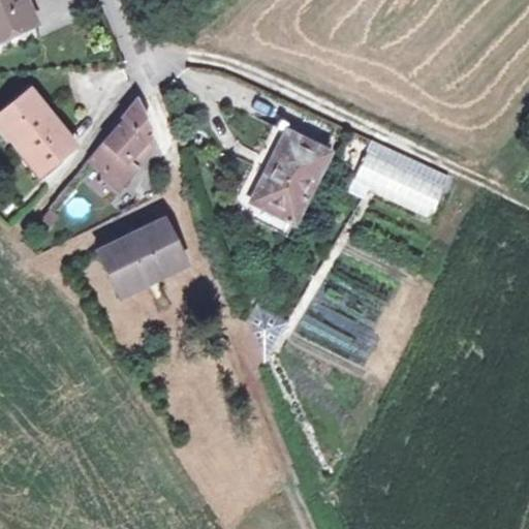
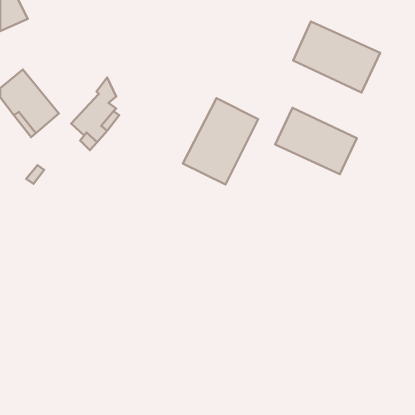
building: none -> [293,21,380,92]
building: [100,219,185,290] -> none

